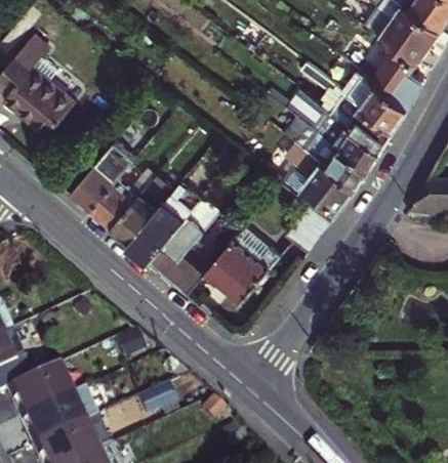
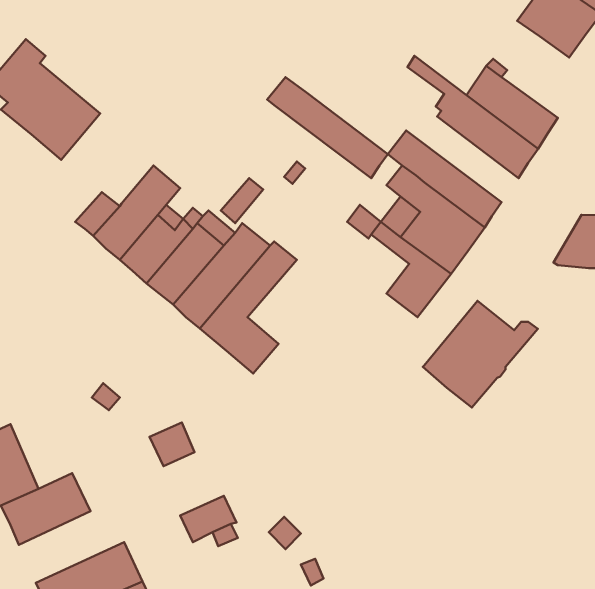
building: [374,47,425,107] -> none
building: [294,94,382,168] -> [267,77,388,178]
building: [206,224,290,302] -> [423,301,538,407]
building: [17,388,95,446] -> none

